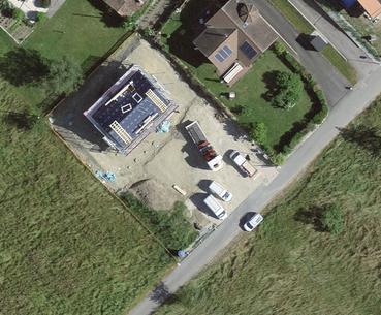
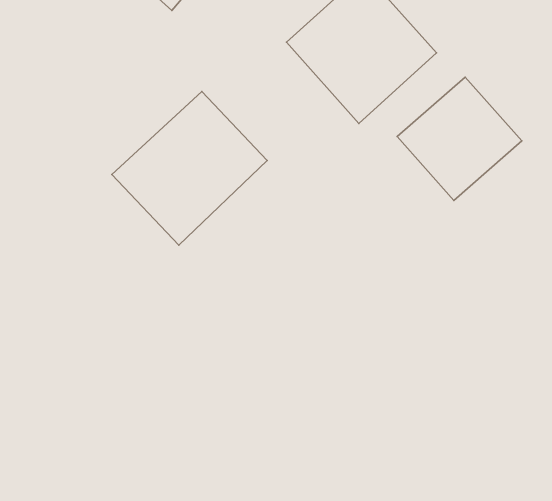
building: none -> [397,77,522,200]

